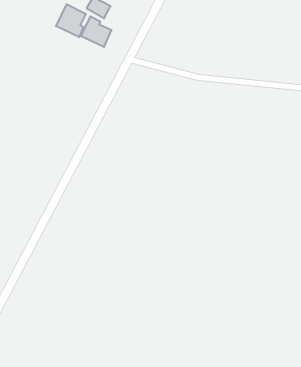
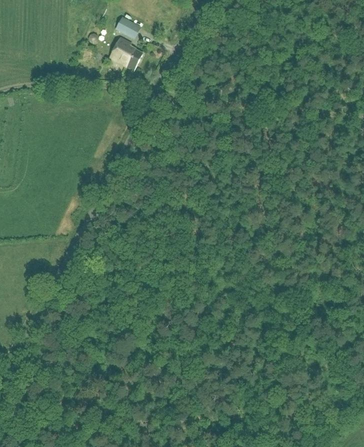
building: [56,4,86,37] -> none

